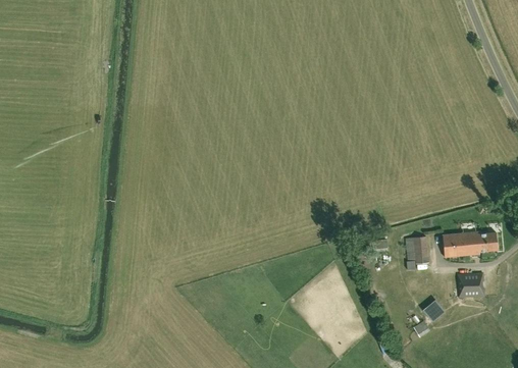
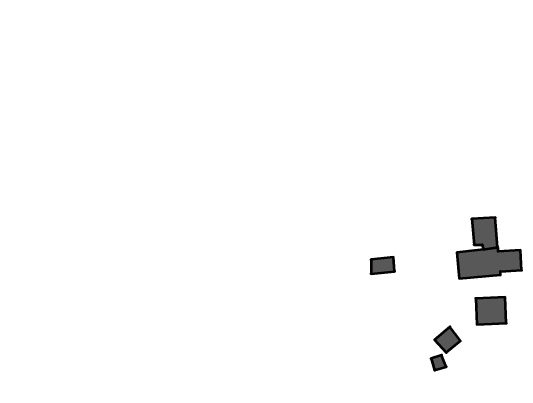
building: [406,236,428,264] -> [472,218,498,249]

